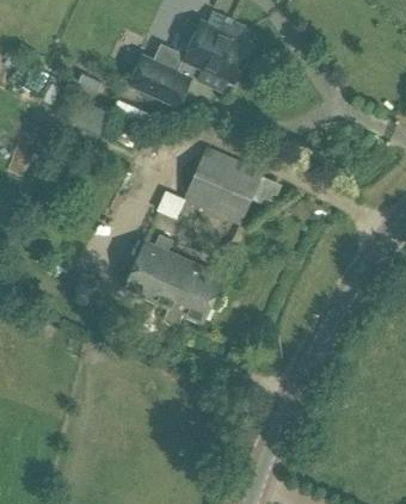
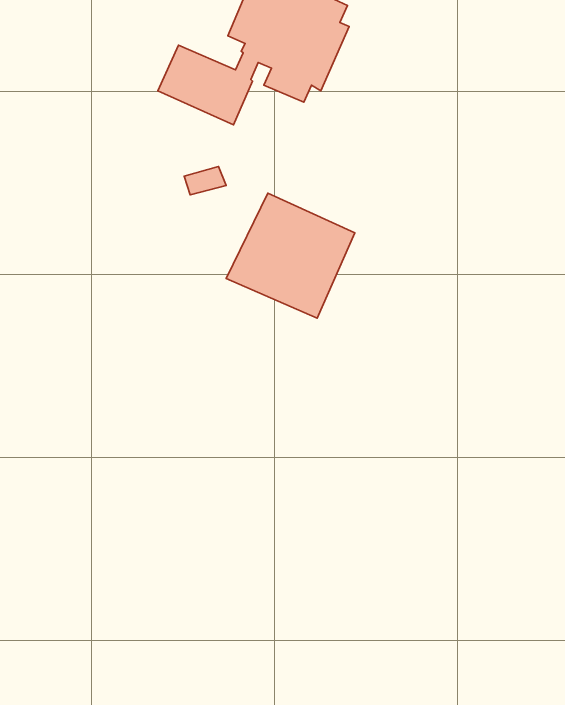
building: [122,234,222,324] -> none

